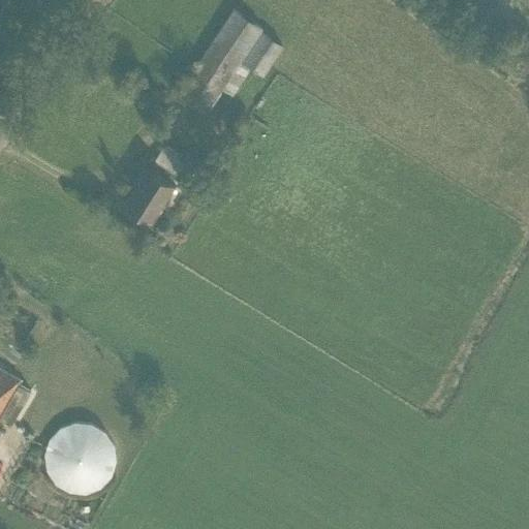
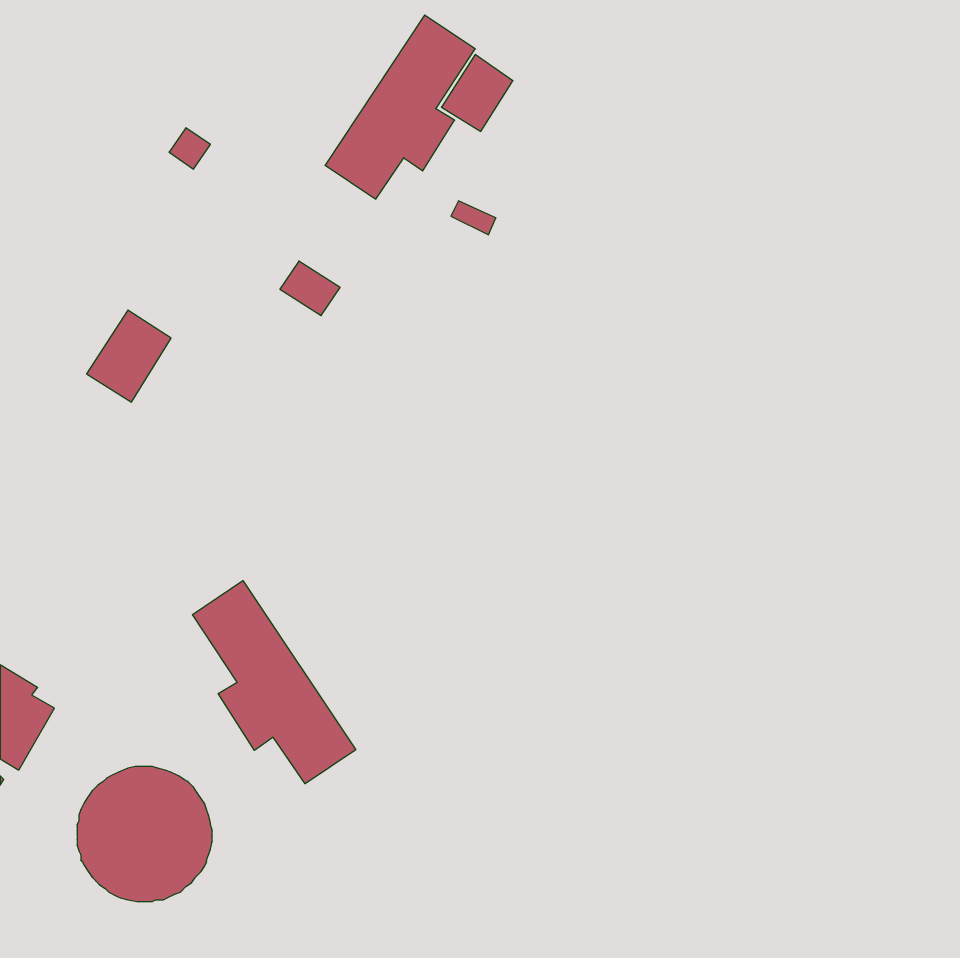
building: [126,169,173,220] -> [87,310,171,402]
building: none -> [192,581,356,784]

